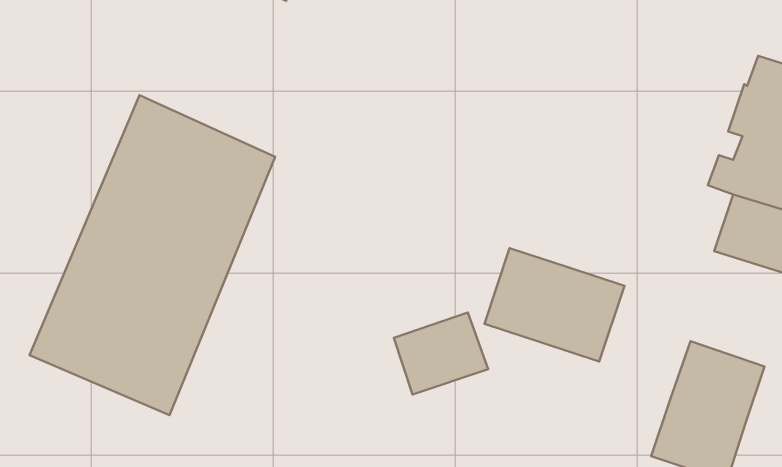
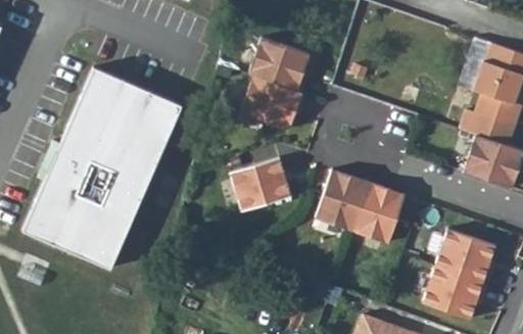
building: none -> [242,34,311,126]
building: [394,313,488,394] -> [231,156,292,209]

